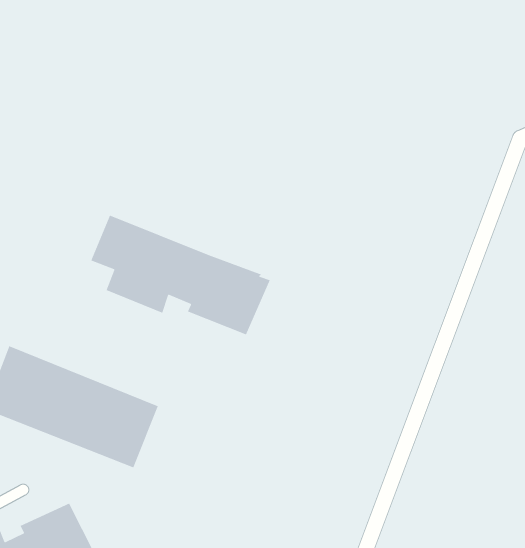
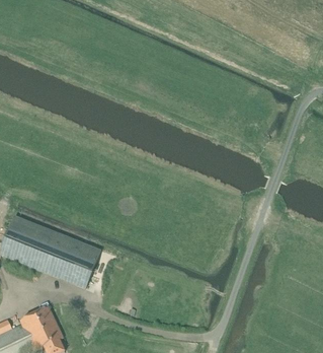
building: [90,214,271,336] -> none

